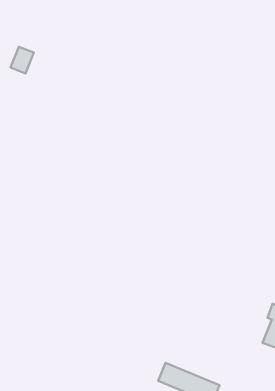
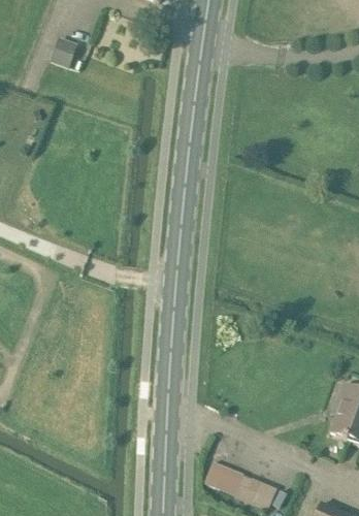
building: [11,47,34,73] -> [52,37,80,70]

